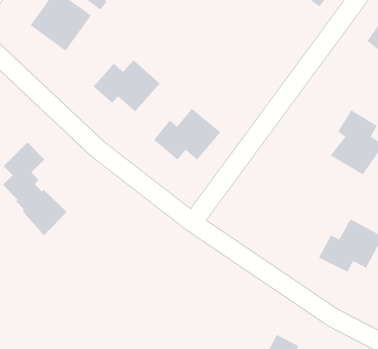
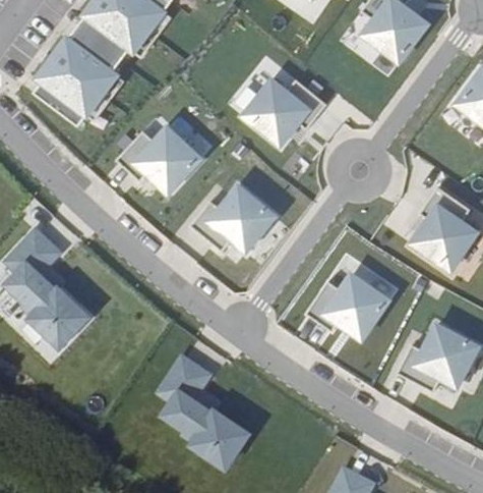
building: none -> [245,78,328,145]
building: none -> [306,272,387,336]
building: none -> [159,354,246,469]

